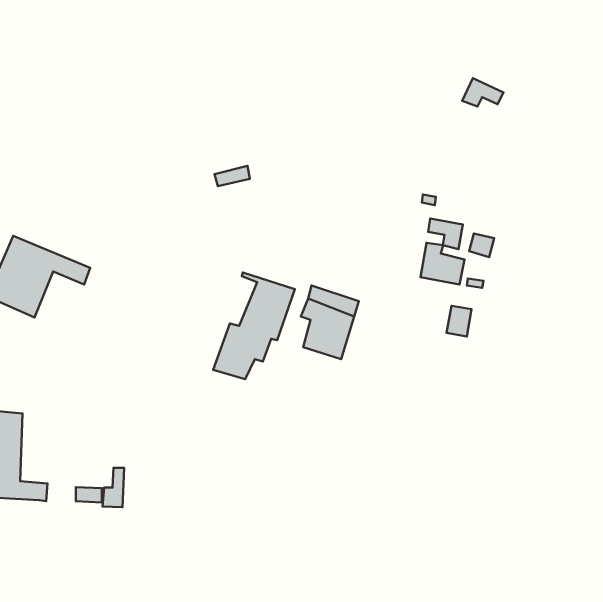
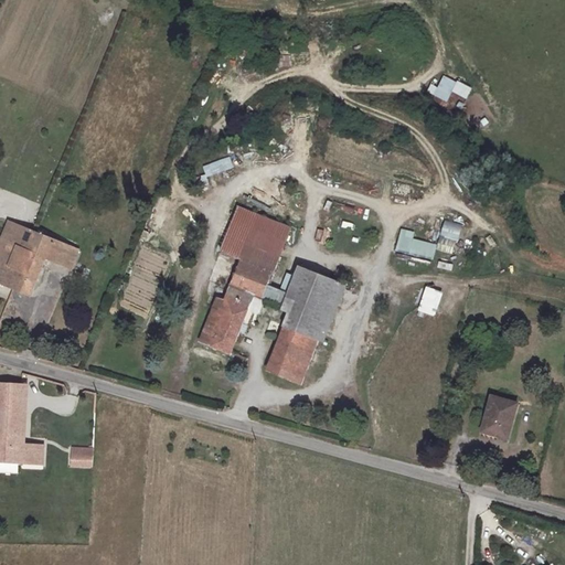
building: [428,218,463,249] -> none
building: none -> [217,210,288,269]
building: none -> [267,323,318,382]
building: none -> [483,394,516,435]
building: [102,468,124,507] -> none

